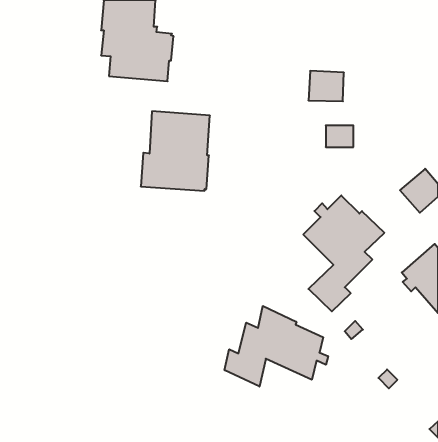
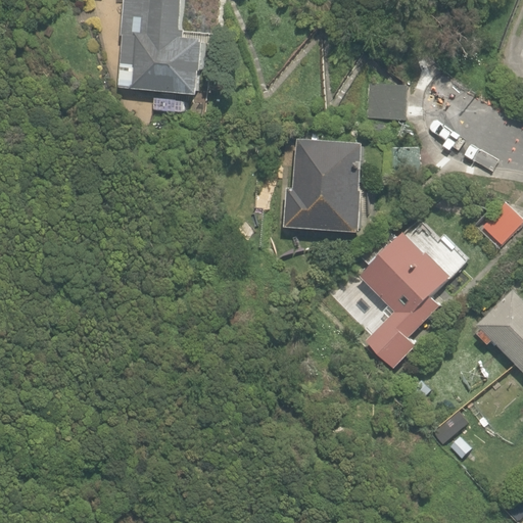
building: [141,111,210,191] -> [283,138,365,232]
building: [225,306,328,387] -> none

